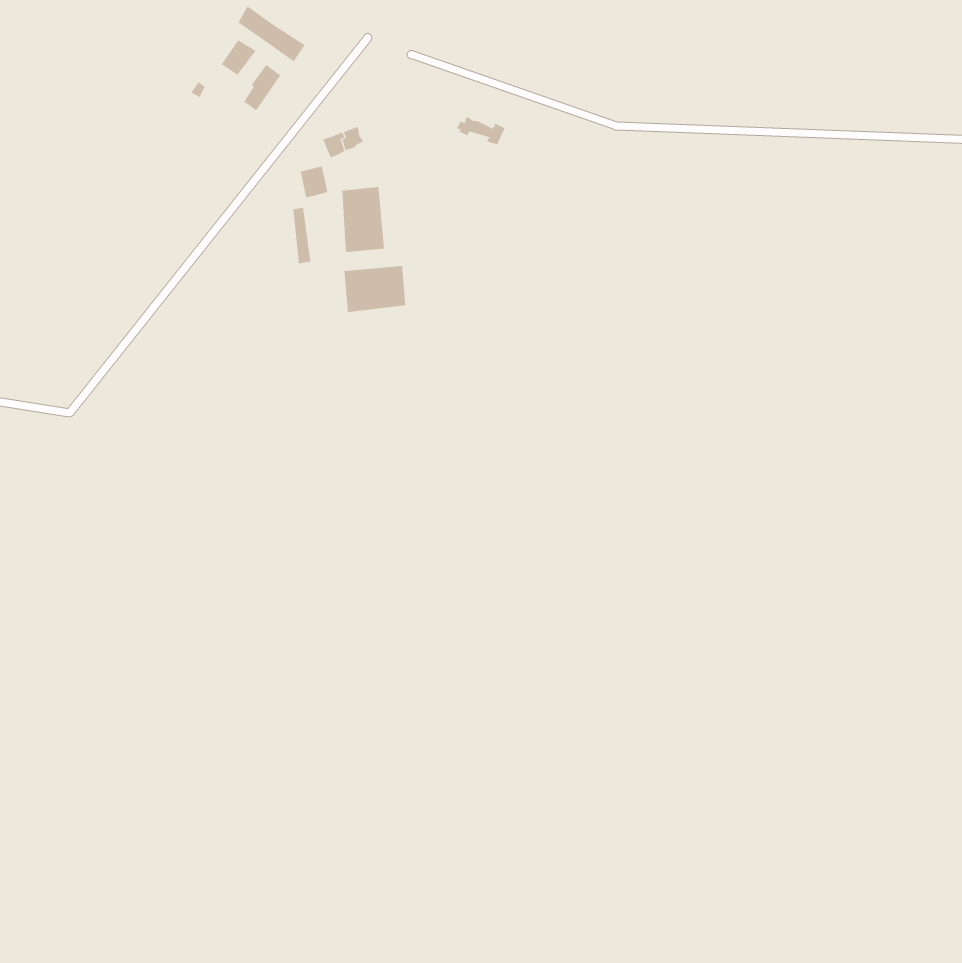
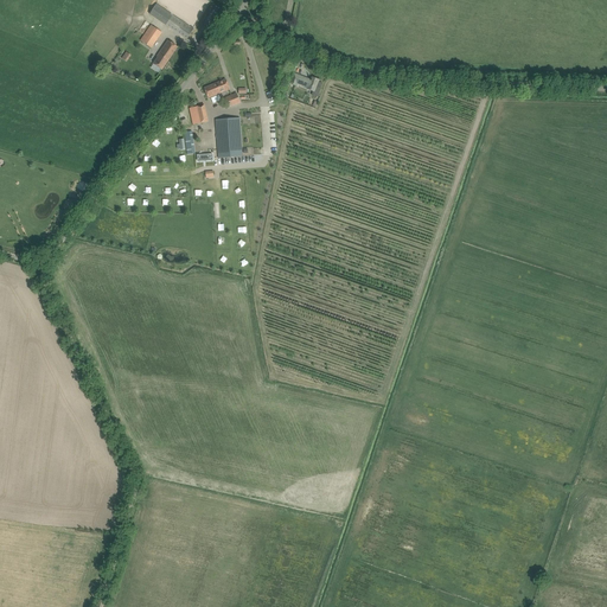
building: [344,265,406,313] -> none

